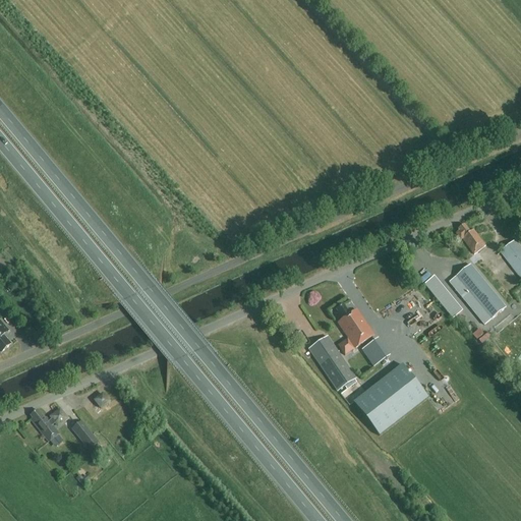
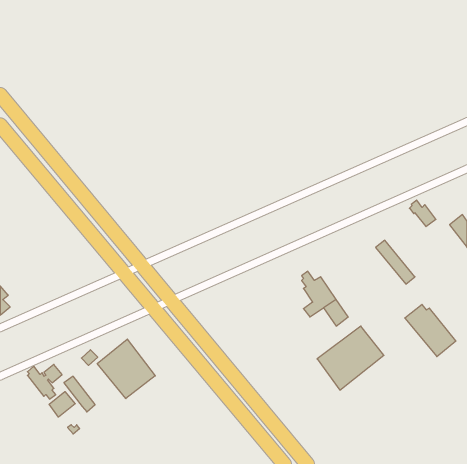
building: [449,265,506,323] -> [405,304,456,357]
building: [307,334,356,391] -> none
building: none -> [97,339,155,399]
building: none -> [49,392,75,417]

